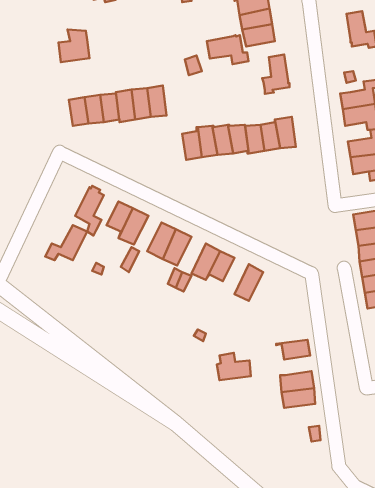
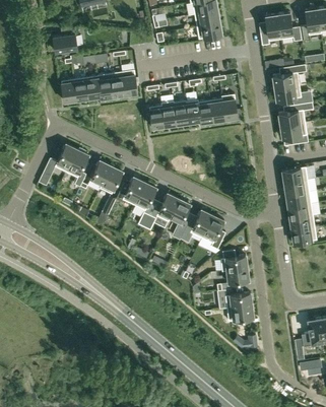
building: [207,35,249,64] -> none
building: [262,55,290,94] -> [260,14,281,45]
building: [45,225,87,260] -> [45,144,77,172]
building: none -> [201,215,225,249]
building: [217,353,251,380] -> [220,250,247,271]

